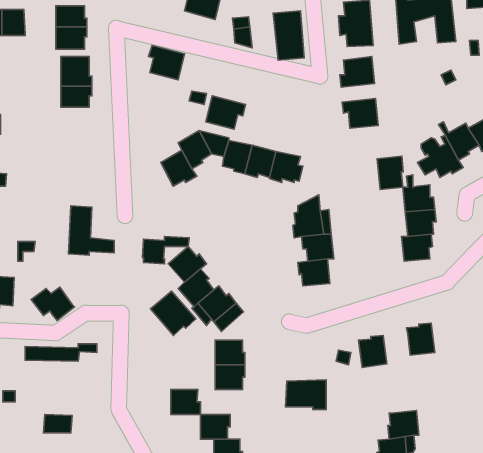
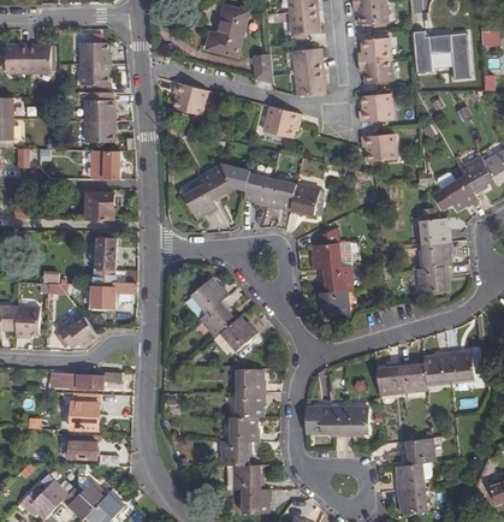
building: [206,96,245,129] -> [262,105,301,137]
building: none -> [91,149,119,178]
building: [377,156,403,190] -> none
building: none -> [85,195,113,220]
building: [142,237,189,264] -> [91,281,137,308]
building: [151,291,196,335] -> none
building: none -> [446,350,474,380]
building: none -> [399,361,426,391]
building: none -> [70,391,97,429]
building: none -> [344,407,368,435]
building: [171,390,200,414] -> [230,416,259,440]

